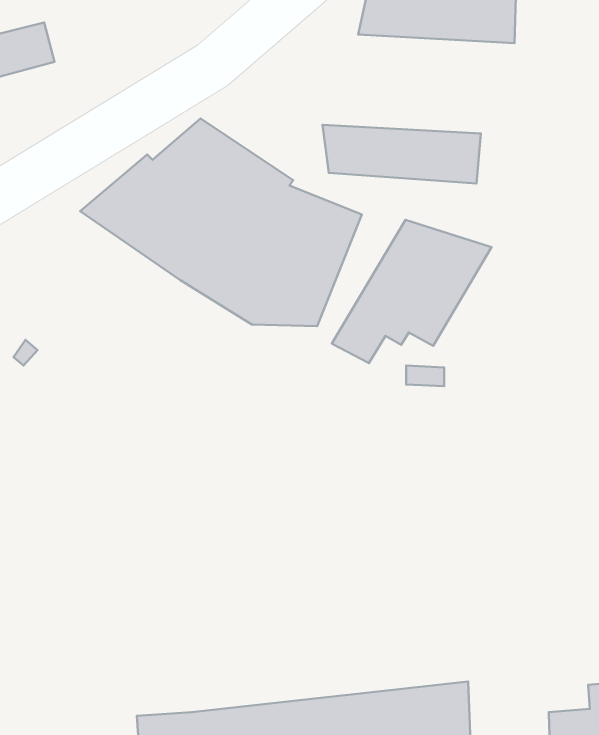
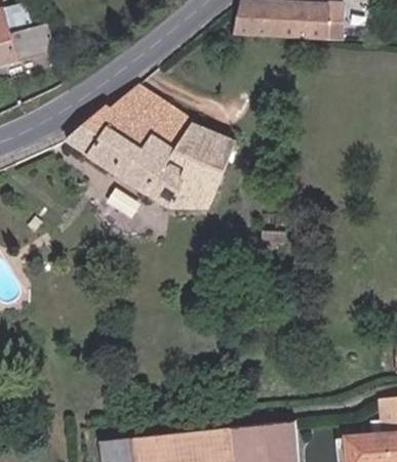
building: [322,125,481,183] -> none
building: [332,220,492,363] -> none

